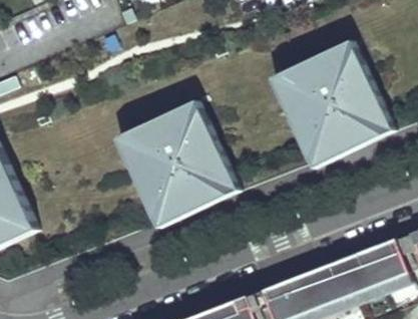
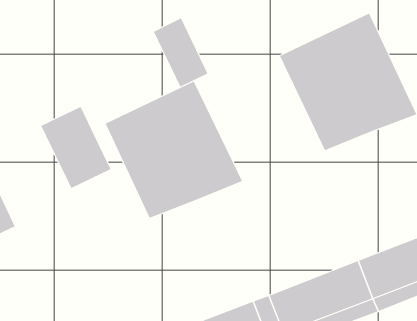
building: none -> [153,18,208,88]
building: none -> [41,106,111,189]

